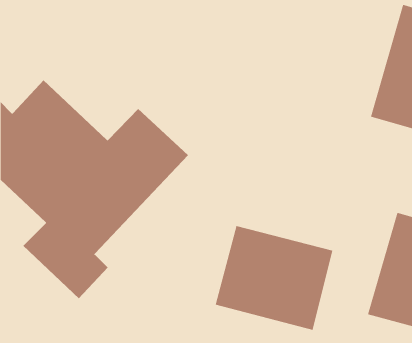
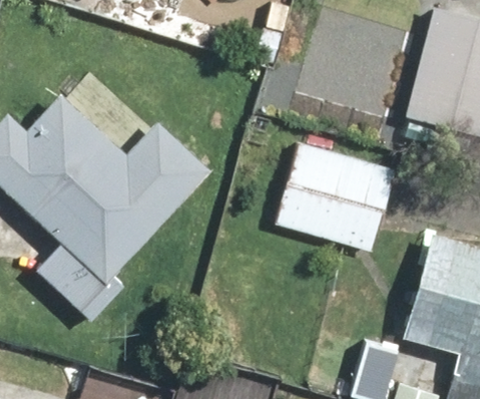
building: [215,226,333,331] -> [274,140,398,251]

